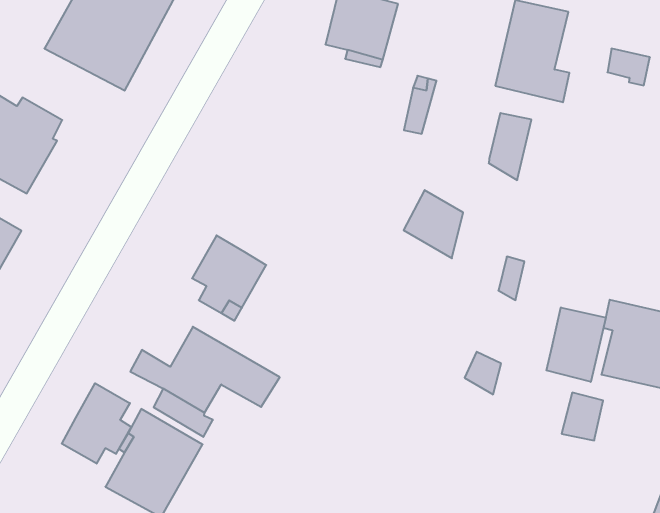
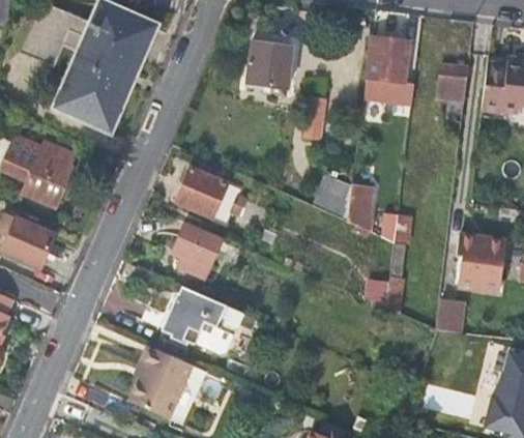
building: [489,113,531,180] -> [349,187,375,232]
building: none -> [177,171,248,225]
building: [546,307,606,382] -> none
building: [62,383,131,464] -> none

